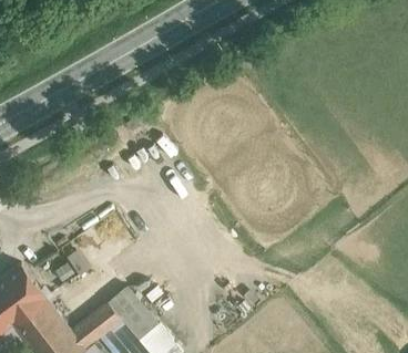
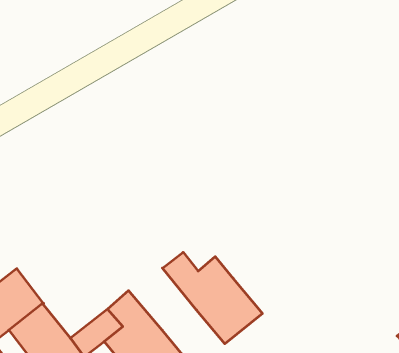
building: none -> [162,252,262,344]

